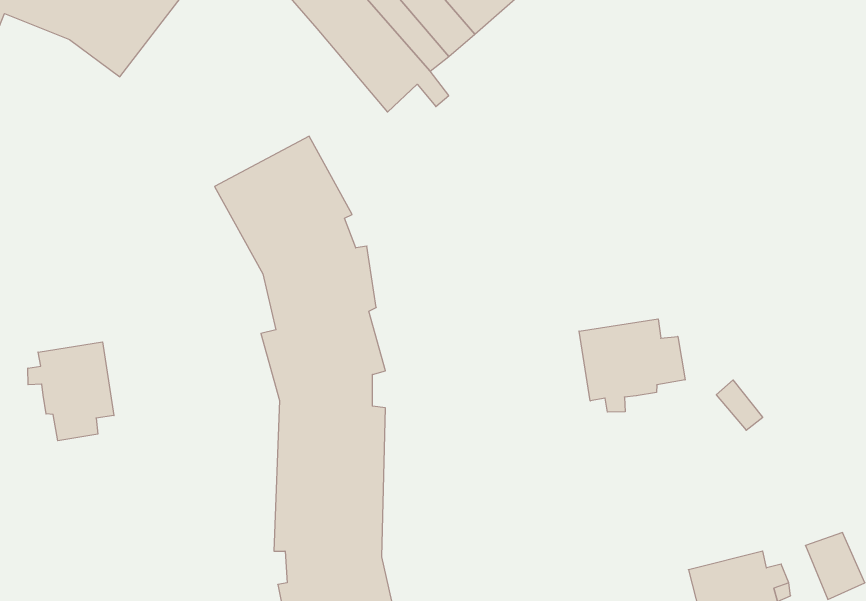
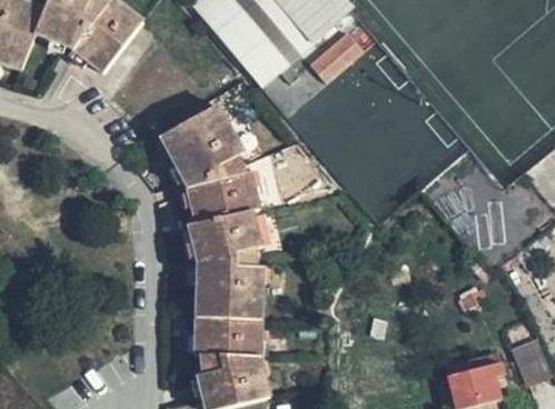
building: none -> [314,34,367,84]
building: [579,319,685,412] -> none
building: [28,342,114,441] -> none

